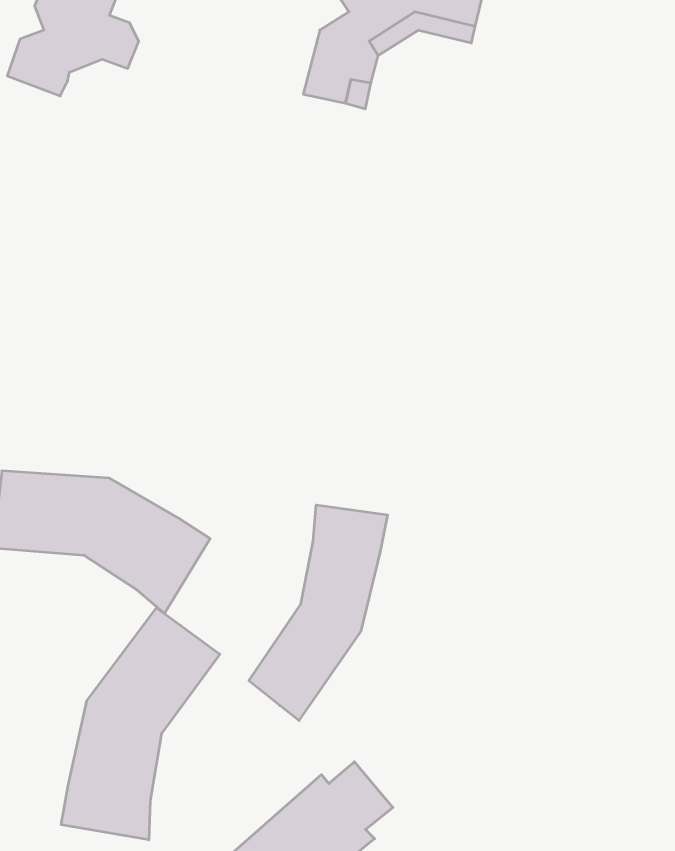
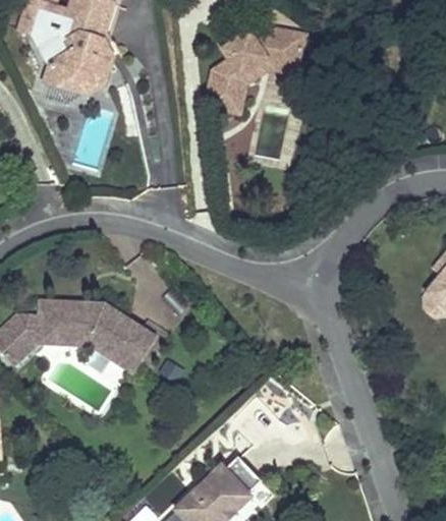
building: [249,505,388,721] -> none
building: [61,608,220,840] -> none

